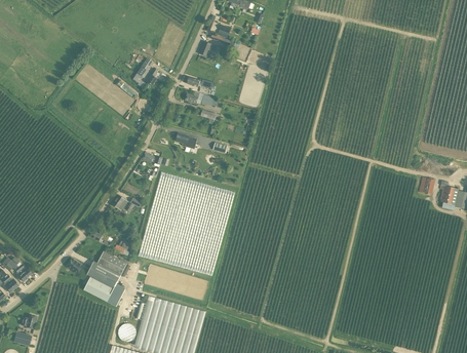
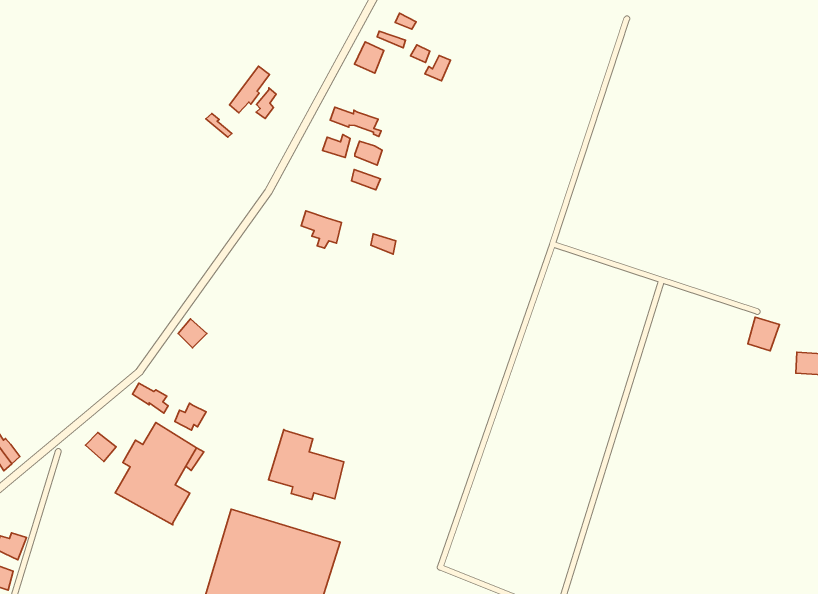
building: none -> [269,430,344,499]

